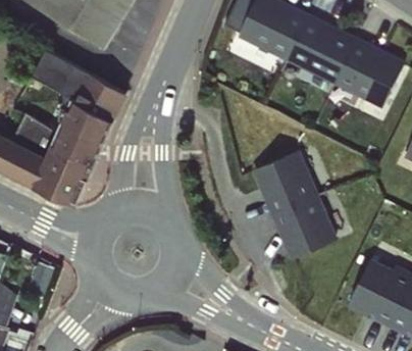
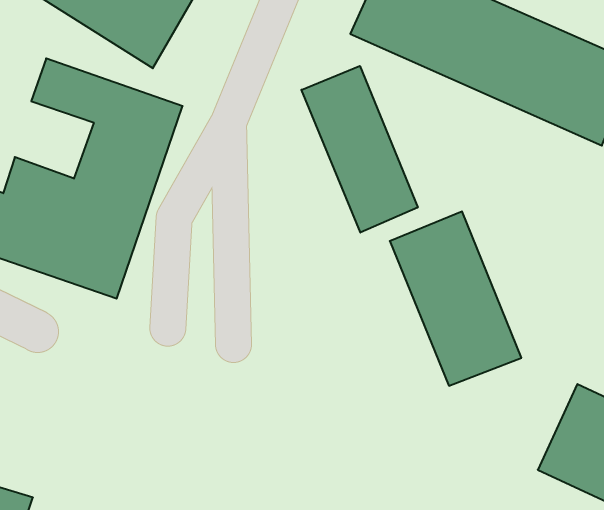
building: none -> [301,66,418,233]

